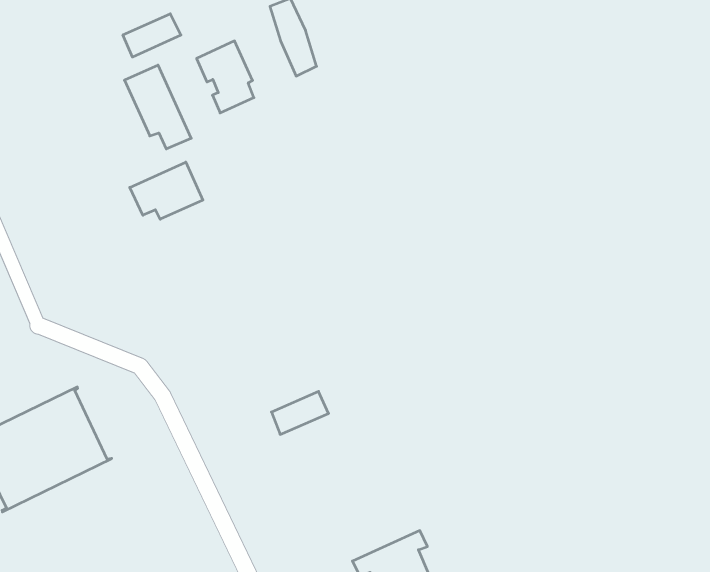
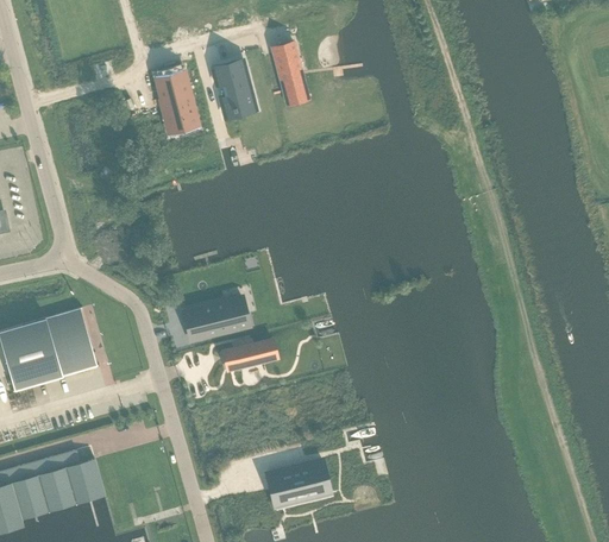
building: [123,14,181,57] -> none
building: [130,162,203,219] -> none
building: none -> [183,296,247,338]

